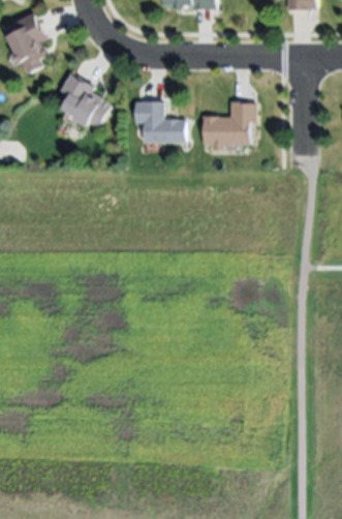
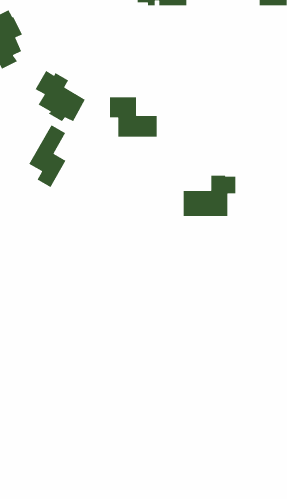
building: [201,102,255,145] -> [183,175,236,217]
building: none -> [28,124,67,188]

